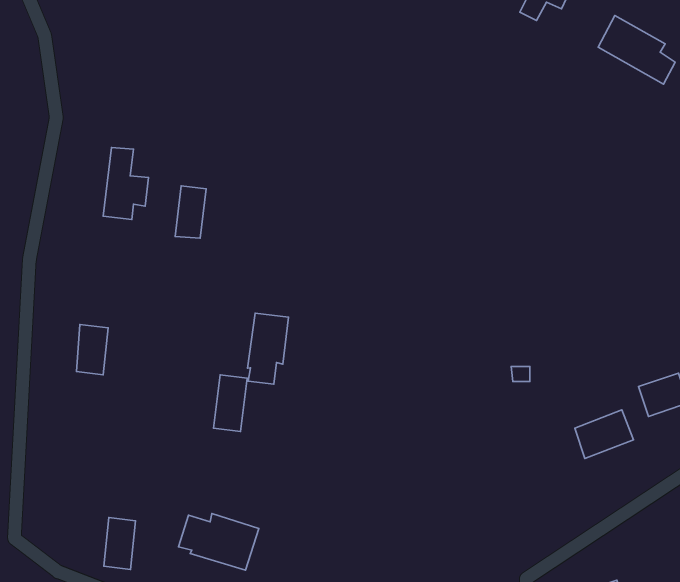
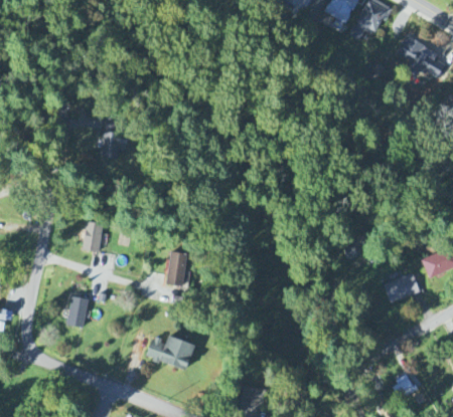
building: [175,186,206,238] -> none
building: [248,313,289,384] -> none
building: [104,518,136,569] -> [67,296,87,328]

